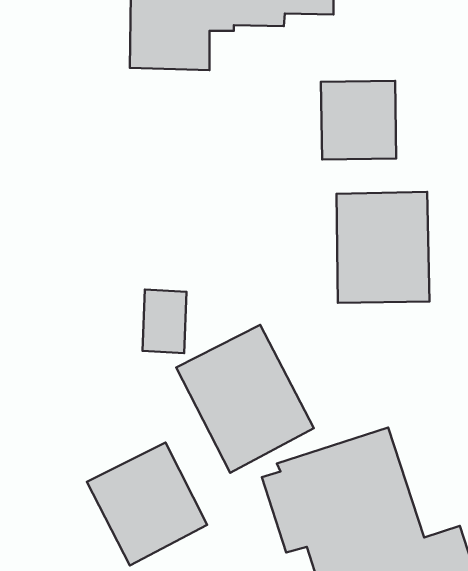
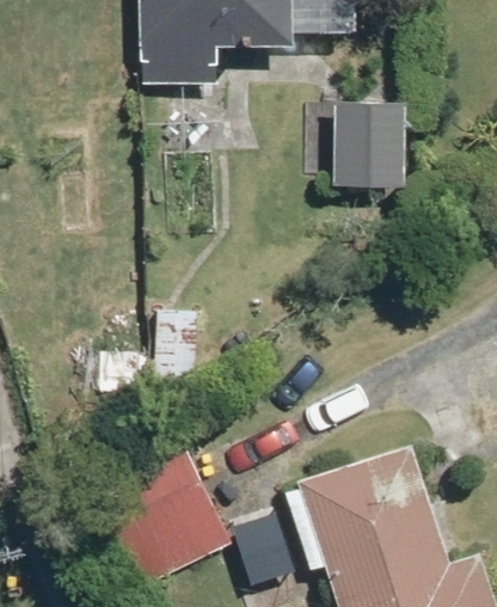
building: [337,192,430,303] -> none
building: [176,325,314,473] -> none

